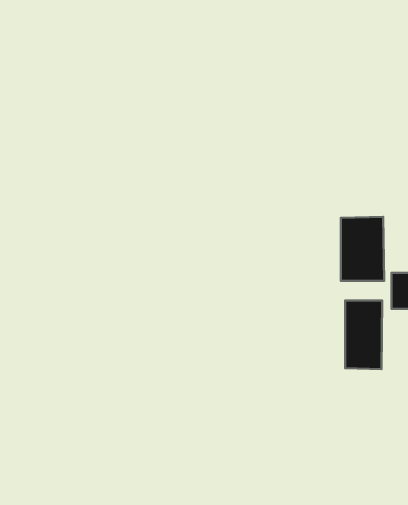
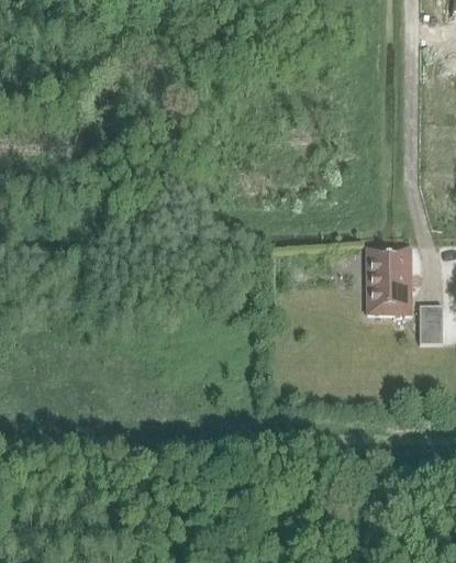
building: [345,301,382,369] -> none

